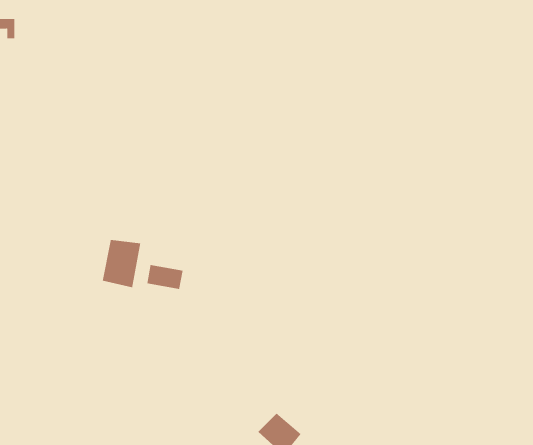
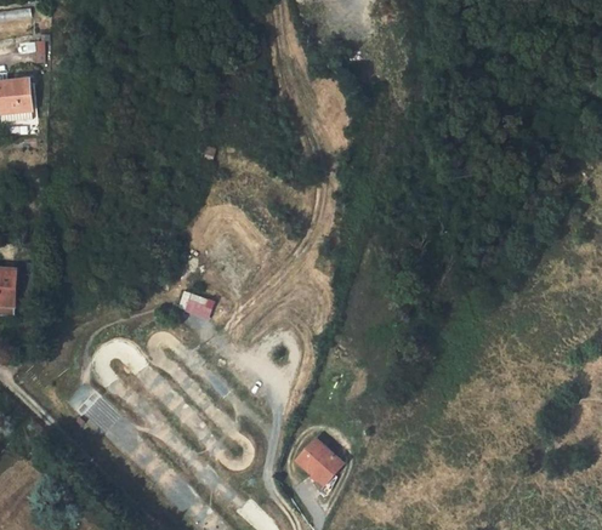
building: [102,239,141,288] -> none

